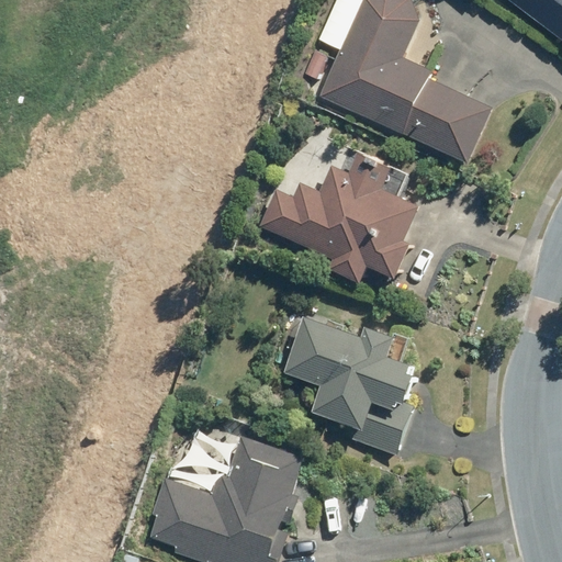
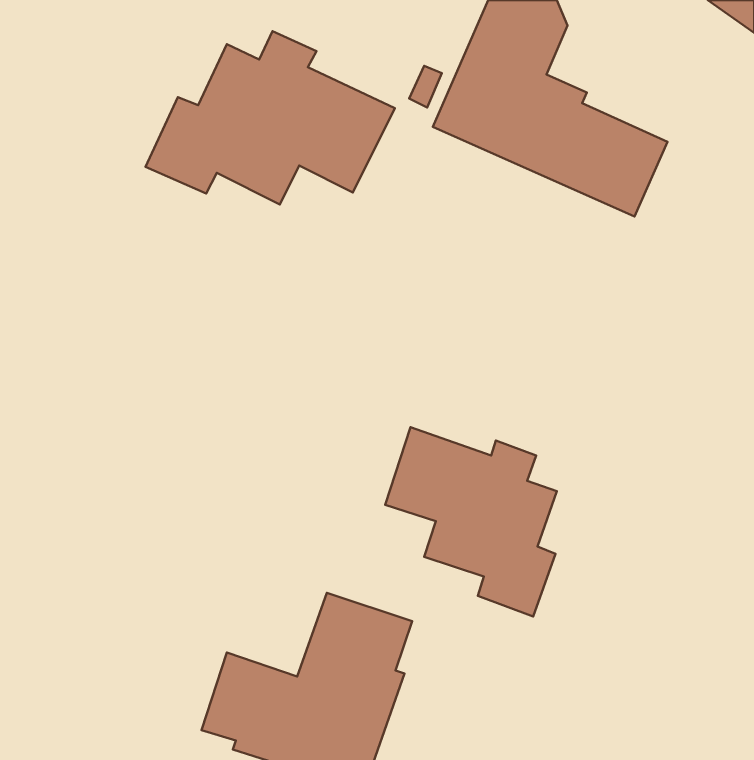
building: none -> [145,31,395,205]
building: [258,150,422,283] -> none

